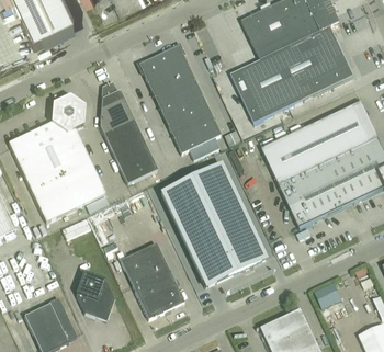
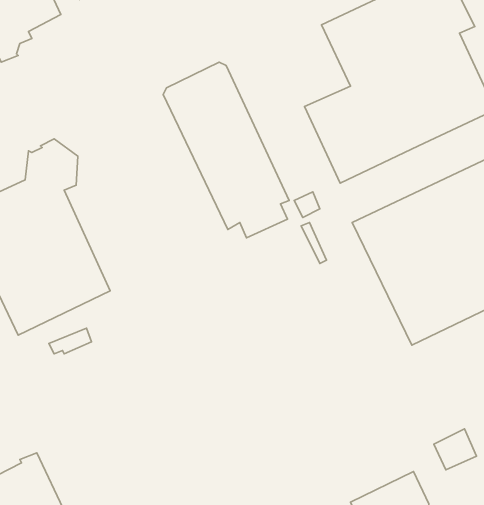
building: [100,89,157,183] -> none
building: [160,163,266,286] -> none
building: [120,242,183,319] -> none
building: [76,271,114,320] -> none

